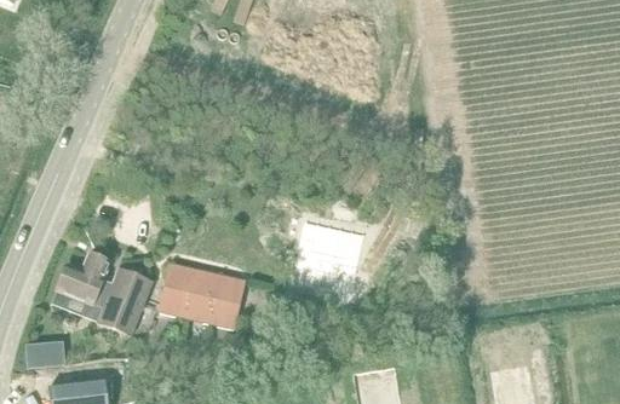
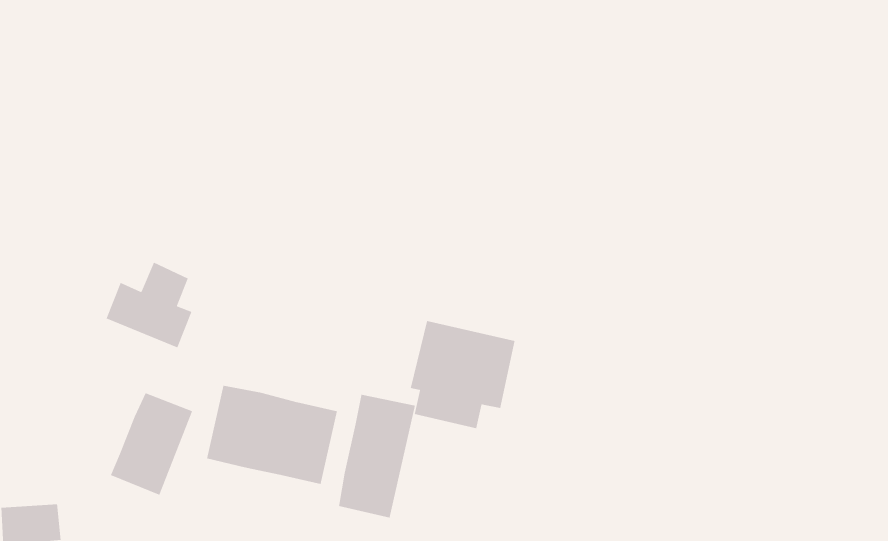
building: [54,250,111,307] -> [105,261,193,348]
building: none -> [338,394,416,519]

